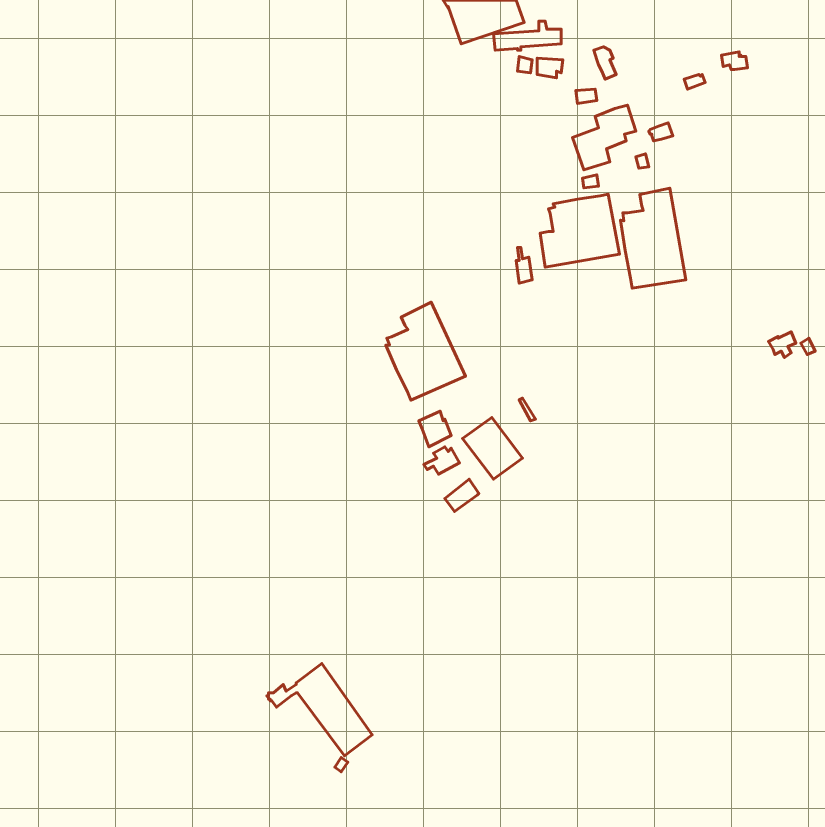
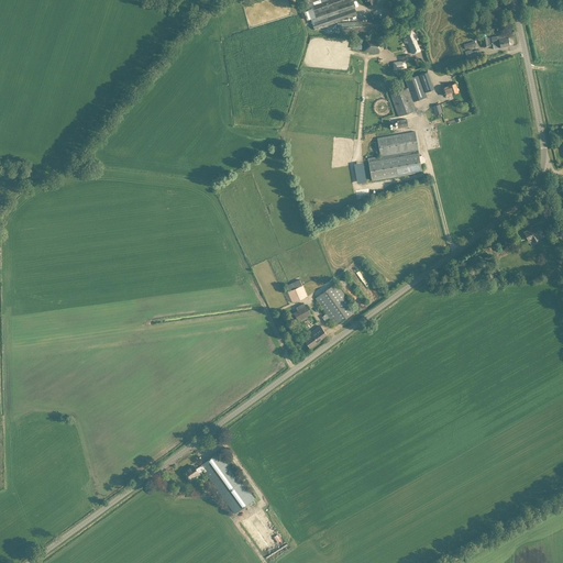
building: [621,188,686,288] -> none
building: [386,302,465,400] -> none

